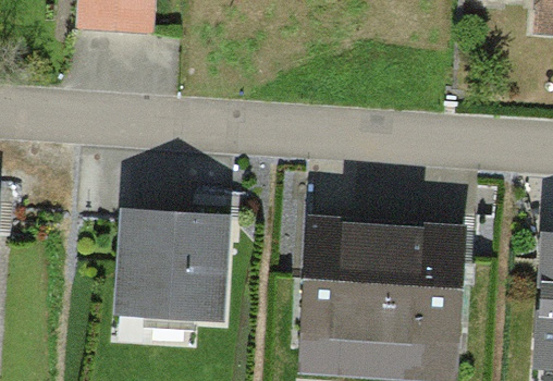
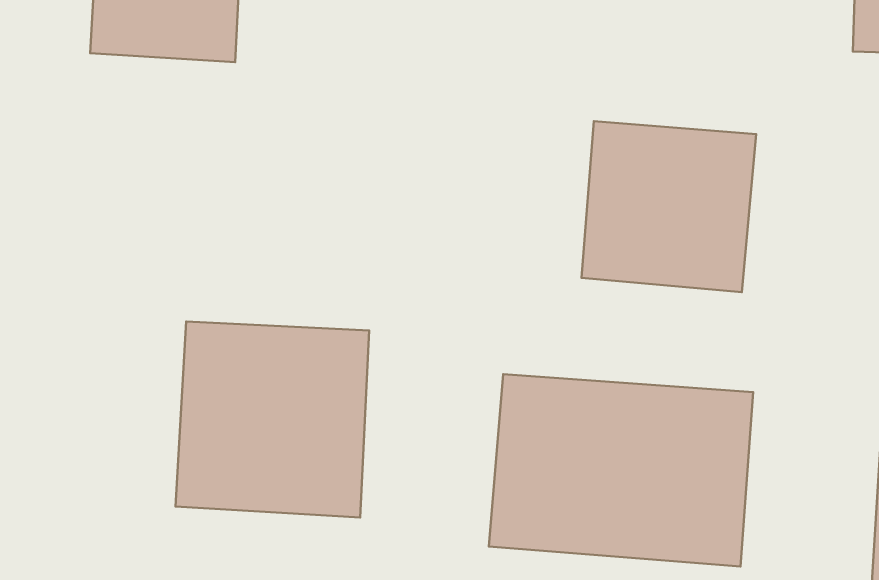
building: none -> [581,121,756,292]

